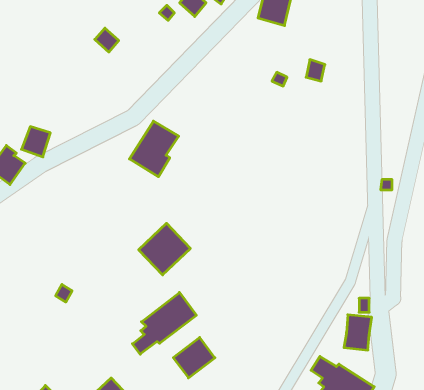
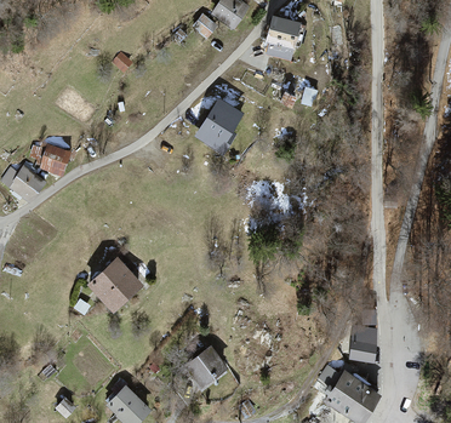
building: [129,121,179,177] -> [195,98,242,152]
building: [139,223,190,275] -> [90,259,139,309]
building: [132,292,196,354] -> none

